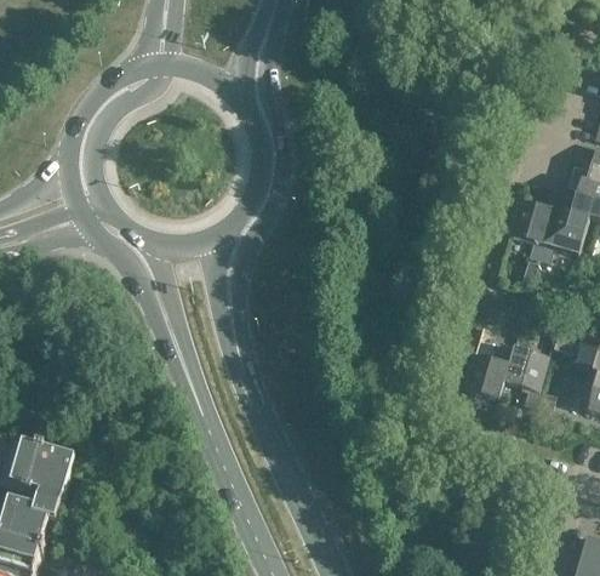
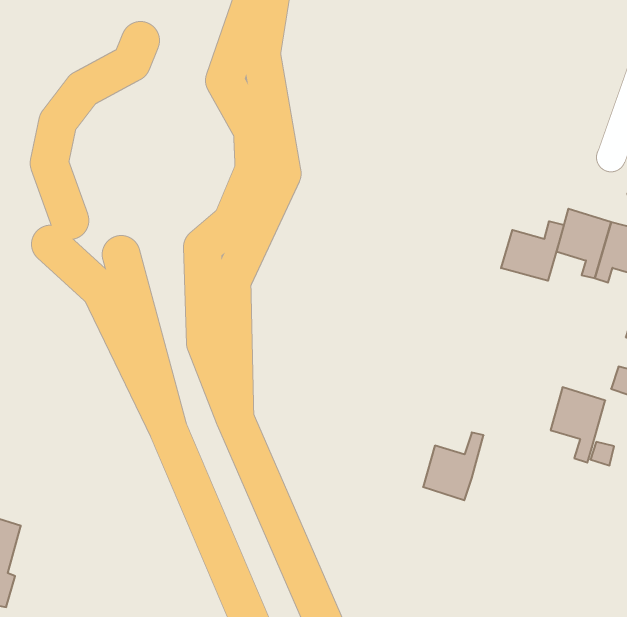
building: none -> [501,221,564,281]
building: [464,342,514,398] -> [423,432,484,500]

